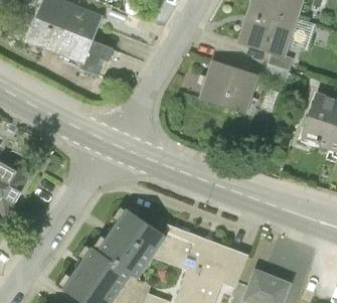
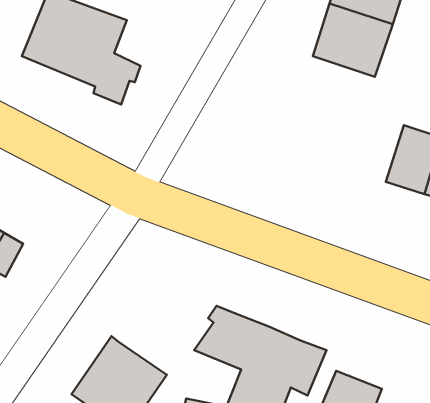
building: [199,61,258,114] -> none
building: [97,208,166,279] -> none

